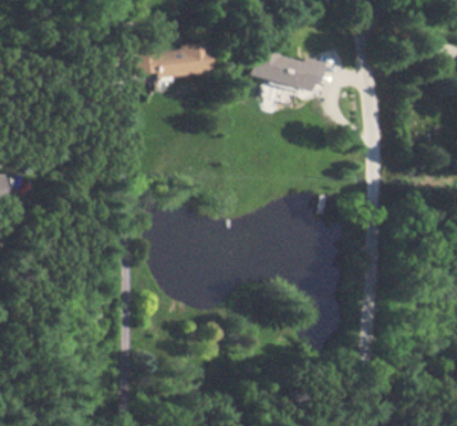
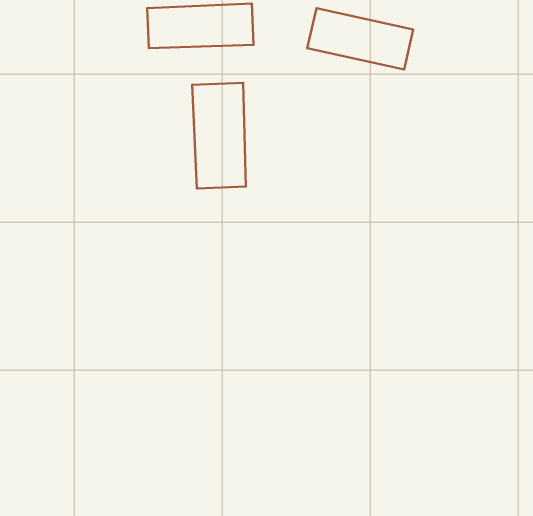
building: none -> [192,83,246,188]

